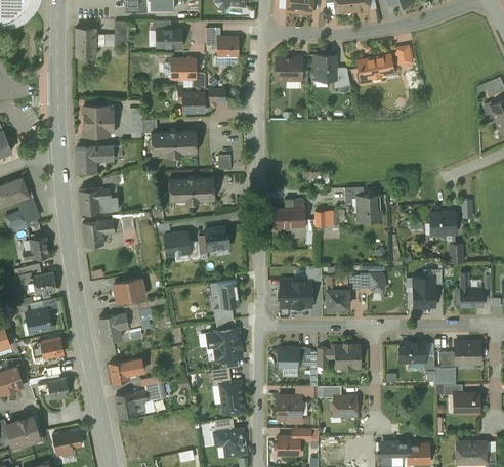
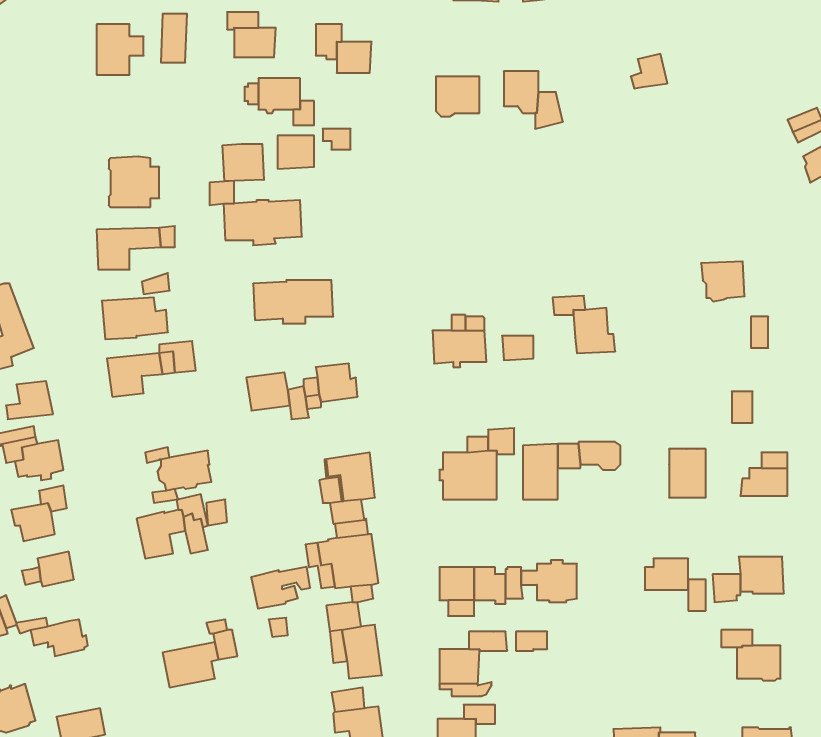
building: [358,55,393,81] -> none
building: none -> [223,144,264,181]
building: [429,212,455,236] -> [701,261,745,301]
building: [109,358,143,383] -> [251,567,310,609]
building: [331,395,355,415] -> none

